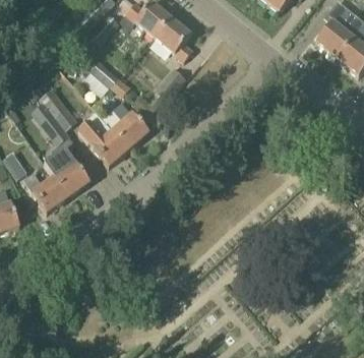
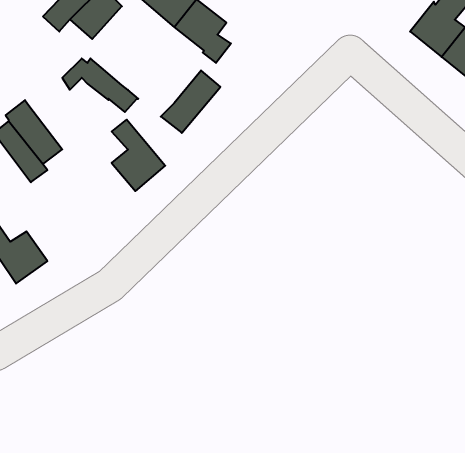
building: [77,118,128,166] -> none
building: [44,147,89,196] -> none

